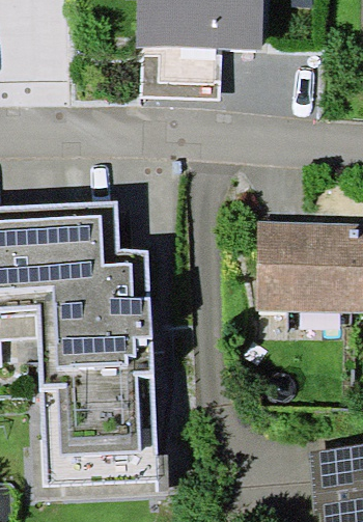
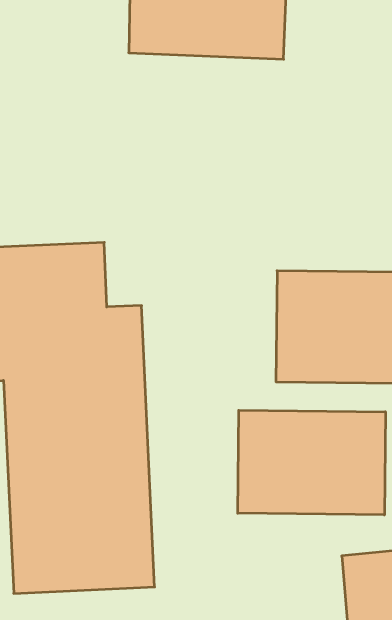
building: none -> [238,410,385,515]

